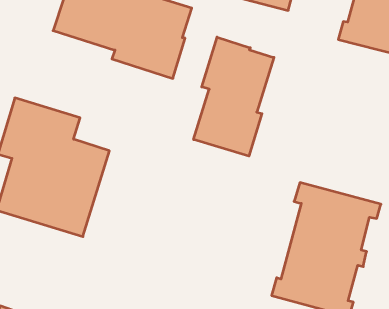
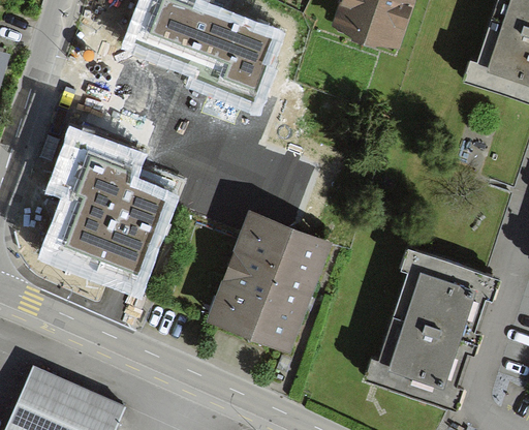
building: [194,37,274,156] -> none
building: none -> [216,213,333,347]

